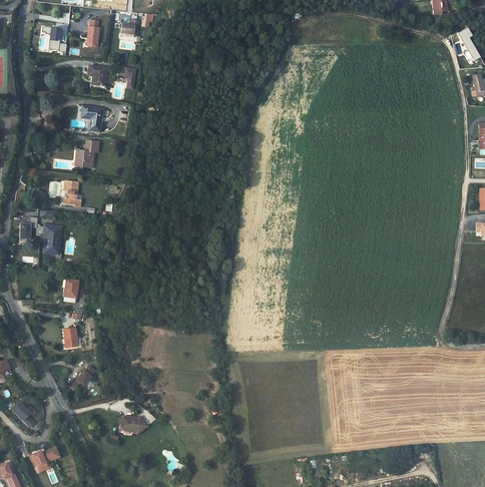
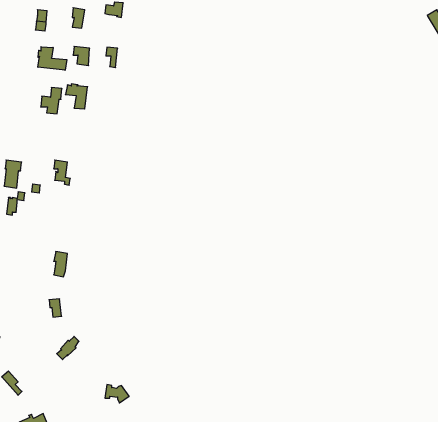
building: none -> [38,47,67,70]
building: [74,139,96,166] -> [41,88,62,114]
building: [41,224,59,254] -> [4,160,22,188]

